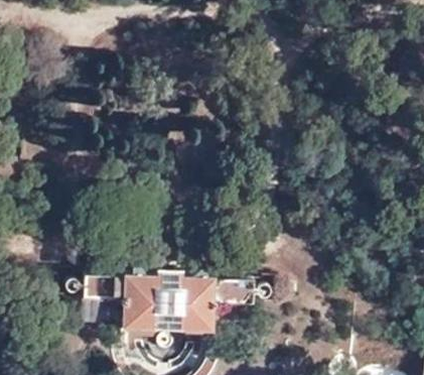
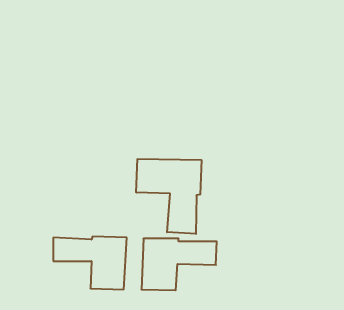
building: none -> [136,159,201,234]

